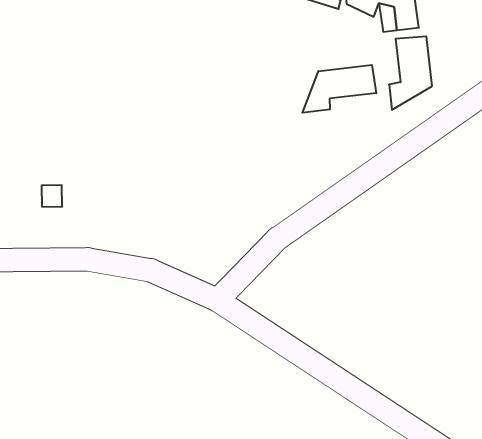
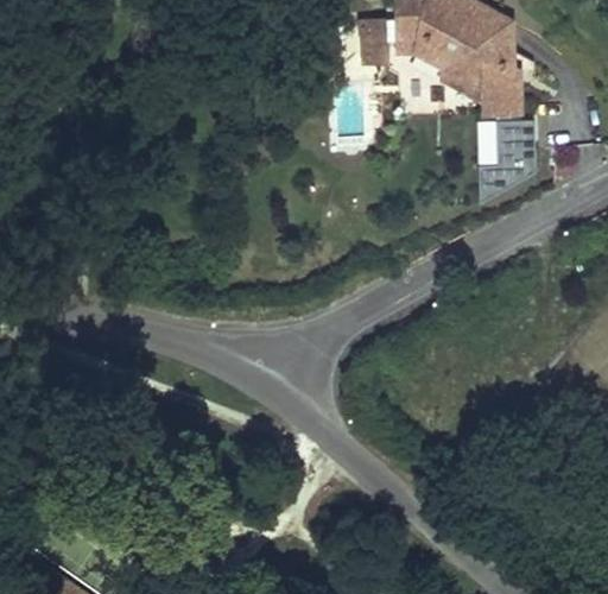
building: [302,65,376,113] -> none

